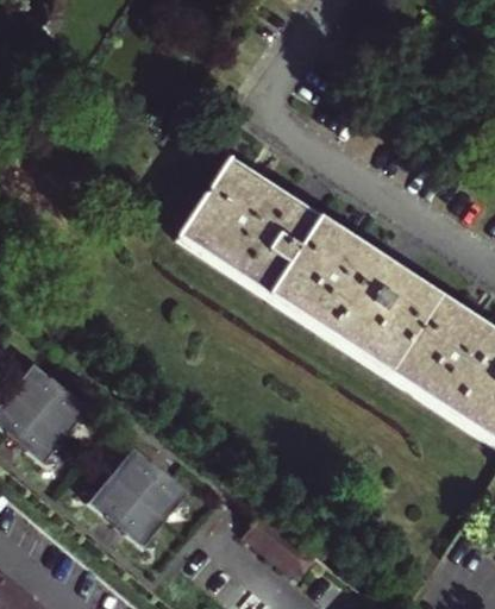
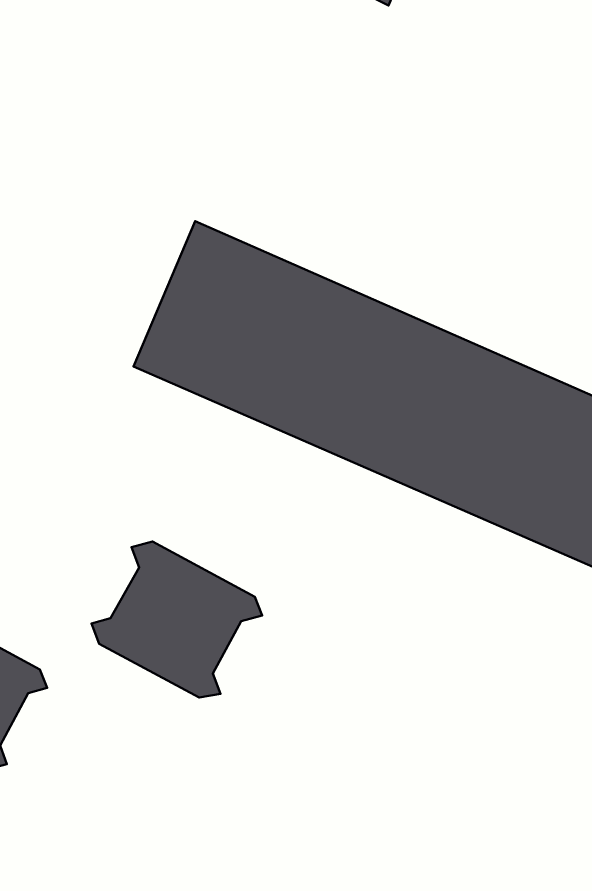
building: [89,446,193,545] -> [92,542,262,698]
building: [246,511,314,572] -> none

